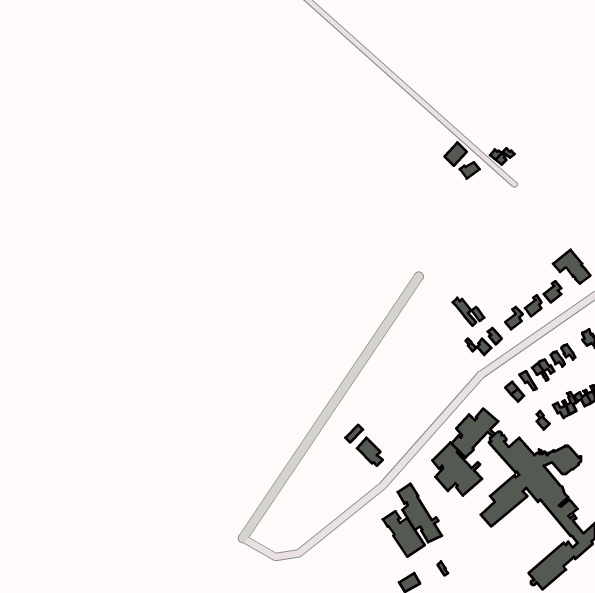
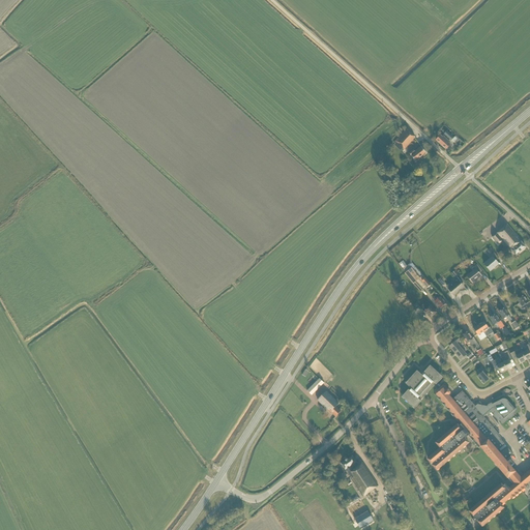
building: [432,442,482,496] -> none
building: [398,484,442,542] -> none

